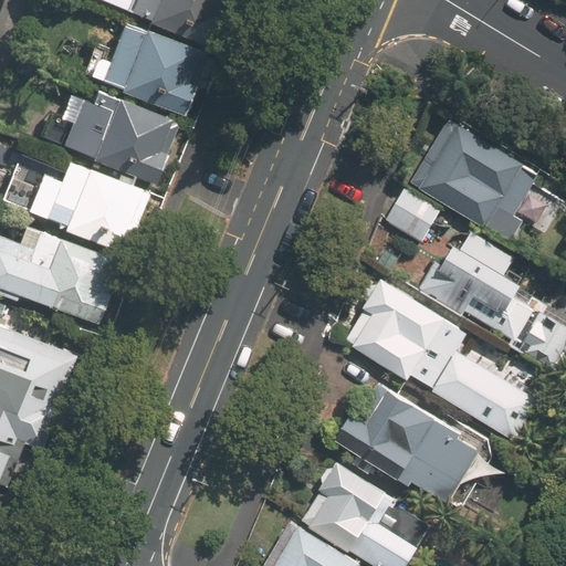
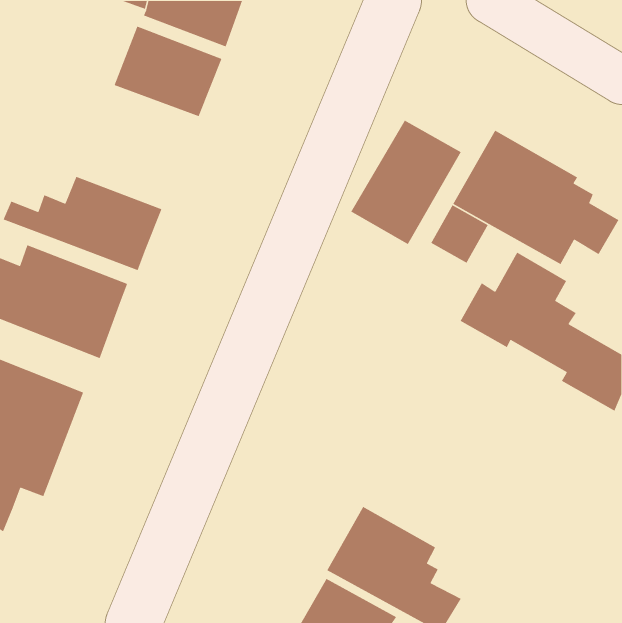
building: [62,91,175,182] -> none
building: none -> [350,120,462,245]
building: [345,276,538,440] -> none
building: [336,382,479,503] -> none

